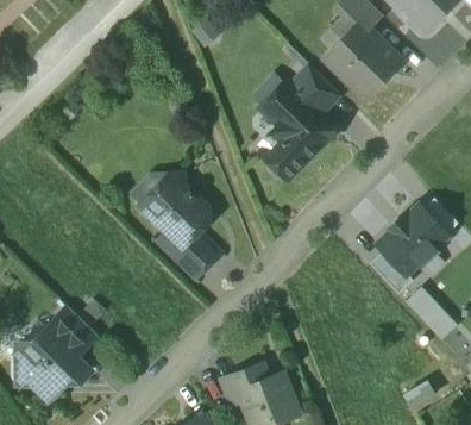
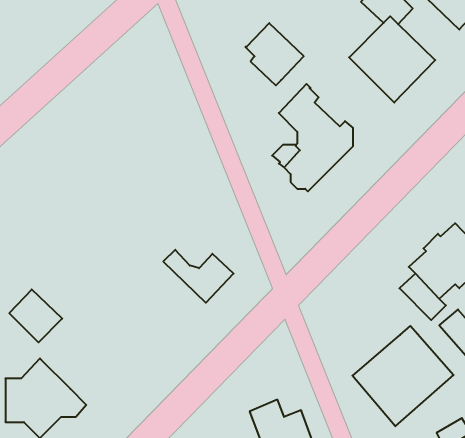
building: [288,64,340,120] -> [245,23,304,85]
building: [142,176,205,248] -> none
building: none -> [352,326,454,426]
building: [48,308,95,356] -> [9,289,62,342]

